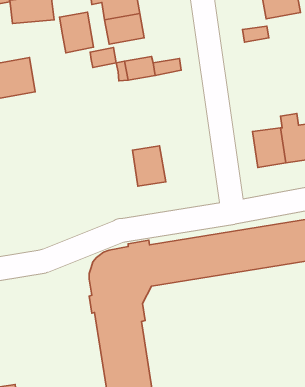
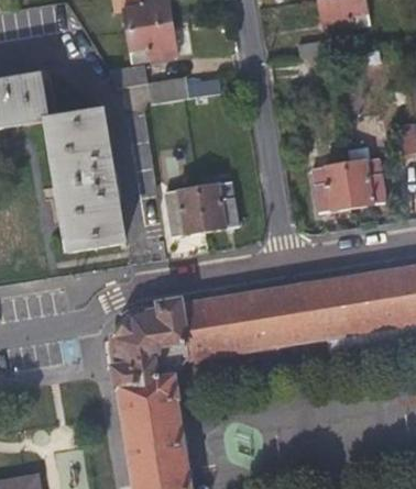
building: [59,12,94,53] -> none
building: none -> [45,110,122,252]
building: none -> [197,179,238,229]

